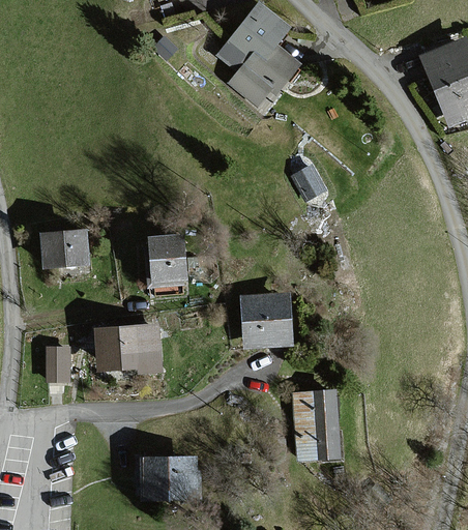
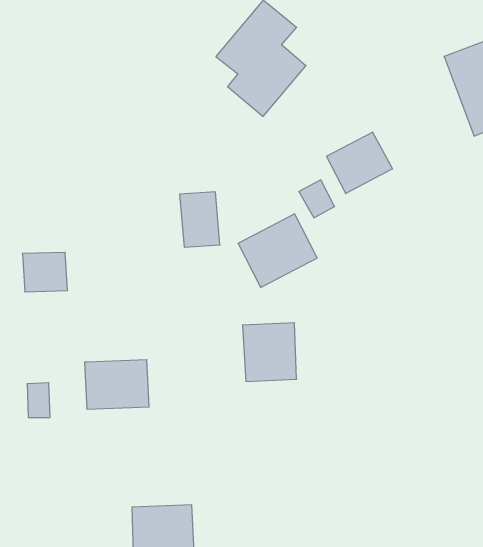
building: none -> [327,132,393,194]
building: none -> [238,214,317,288]
building: [149,236,185,286] -> [180,192,220,247]
building: [296,392,338,458] -> none

